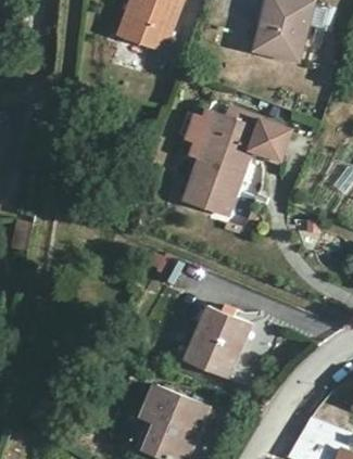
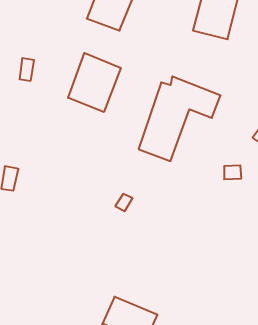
building: none -> [68,53,121,112]
building: [185,305,250,378] -> none

